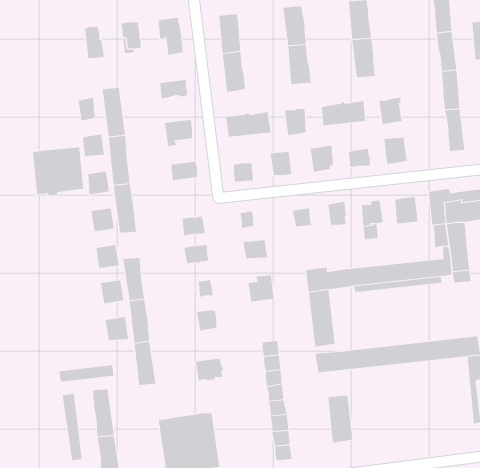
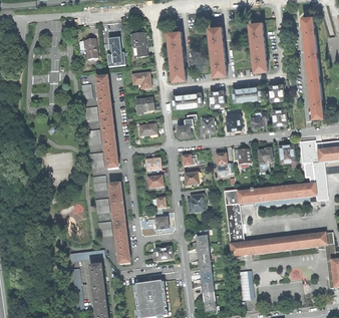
building: [32,146,84,196] -> none

